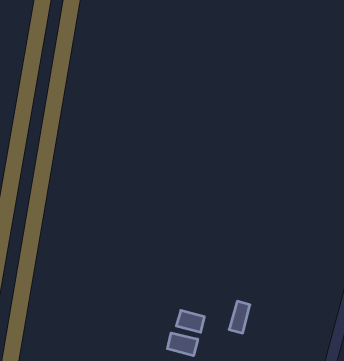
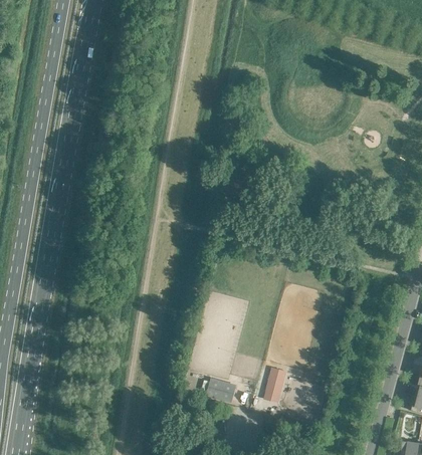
building: [167,333,198,356] -> none

